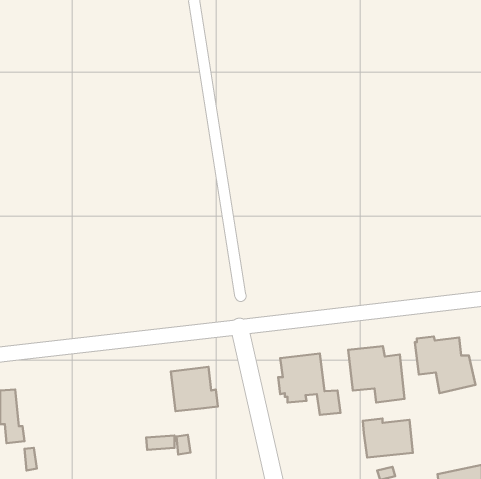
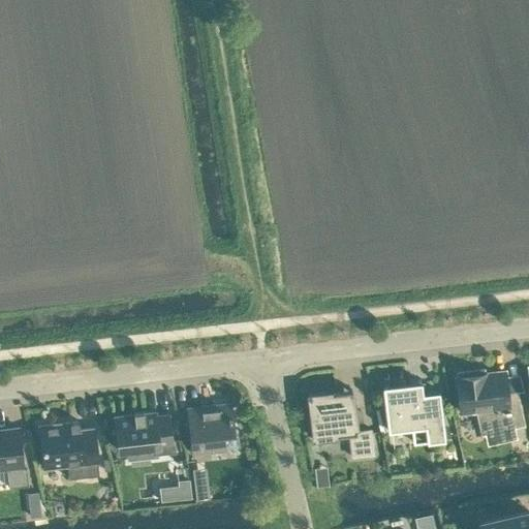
building: none -> [112,412,176,462]
building: none -> [39,423,99,480]
building: [363,419,413,458] -> none

